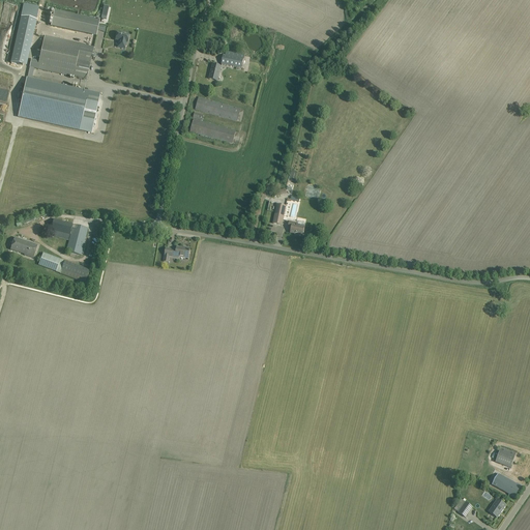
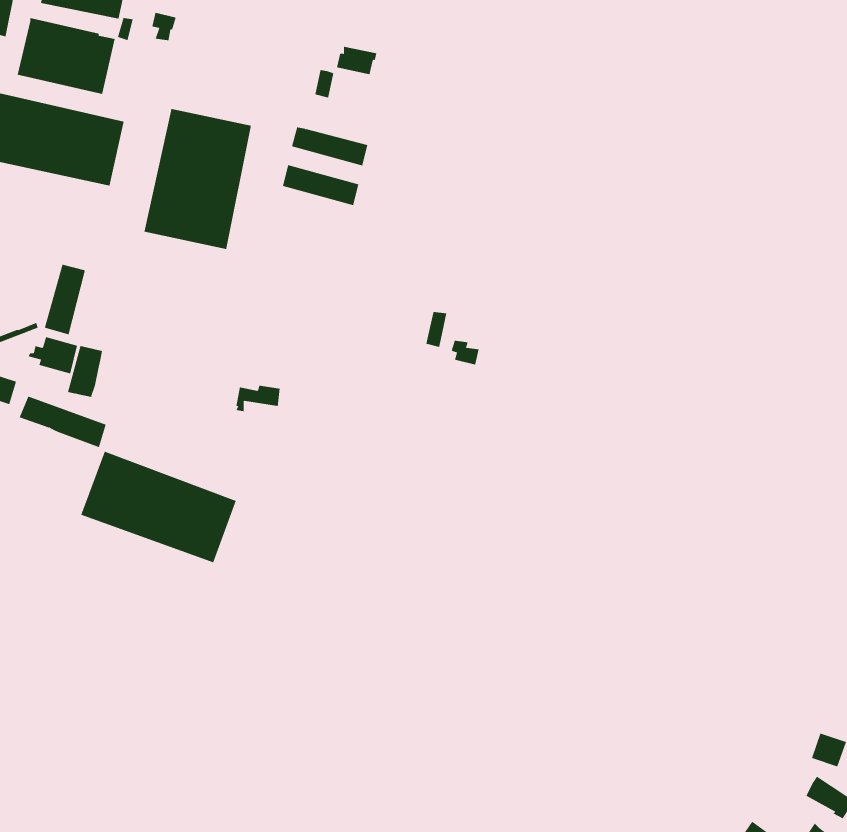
building: none -> [144,108,252,250]
building: none -> [44,264,85,335]
building: none -> [80,451,237,563]

